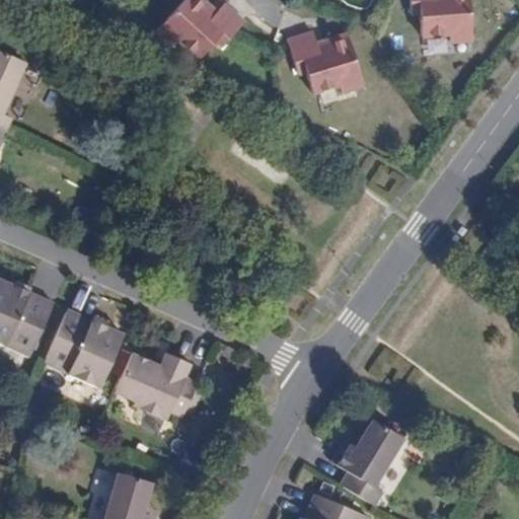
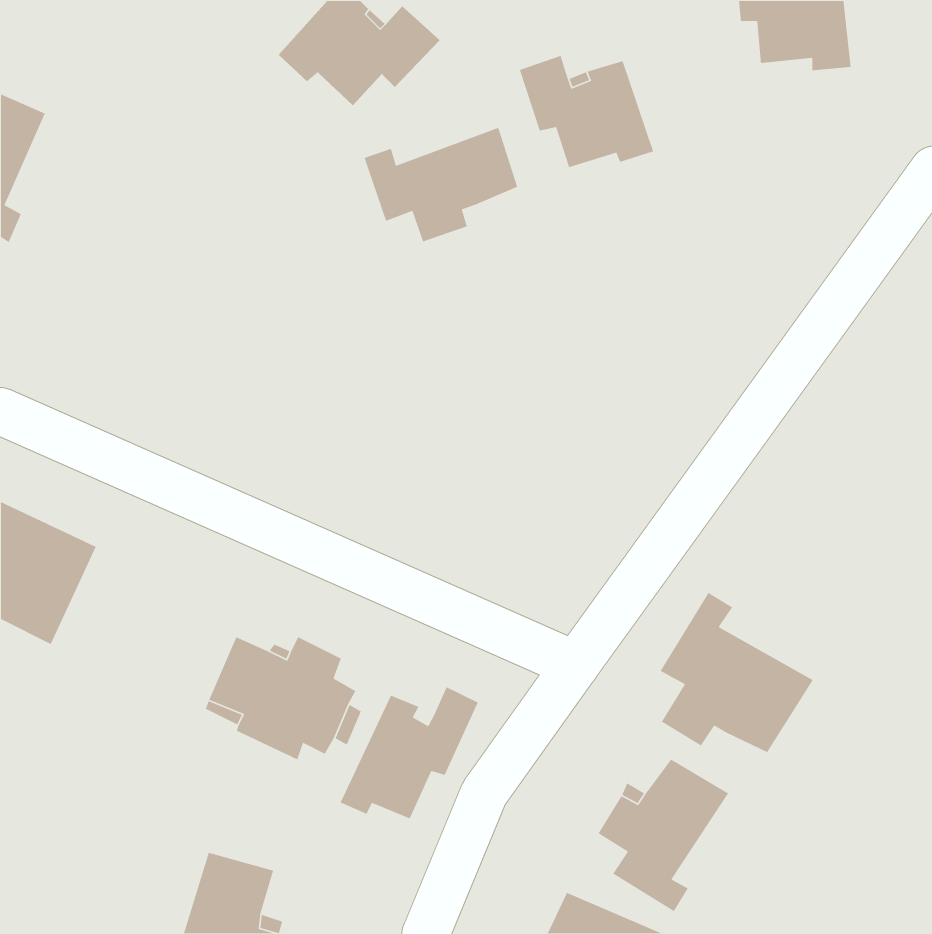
building: none -> [364,127,518,242]
building: [44,308,124,389] -> none
building: none -> [660,592,814,753]
building: none -> [340,686,479,820]

